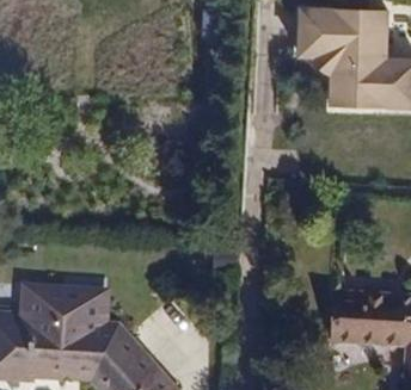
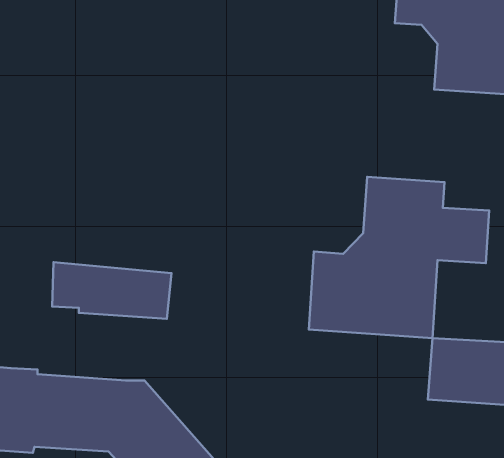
building: none -> [309,177,489,338]
building: [16,283,106,326] -> [52,262,172,319]

